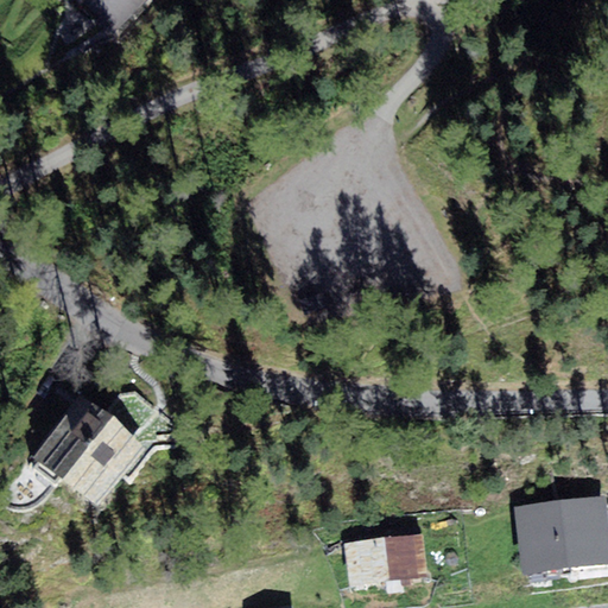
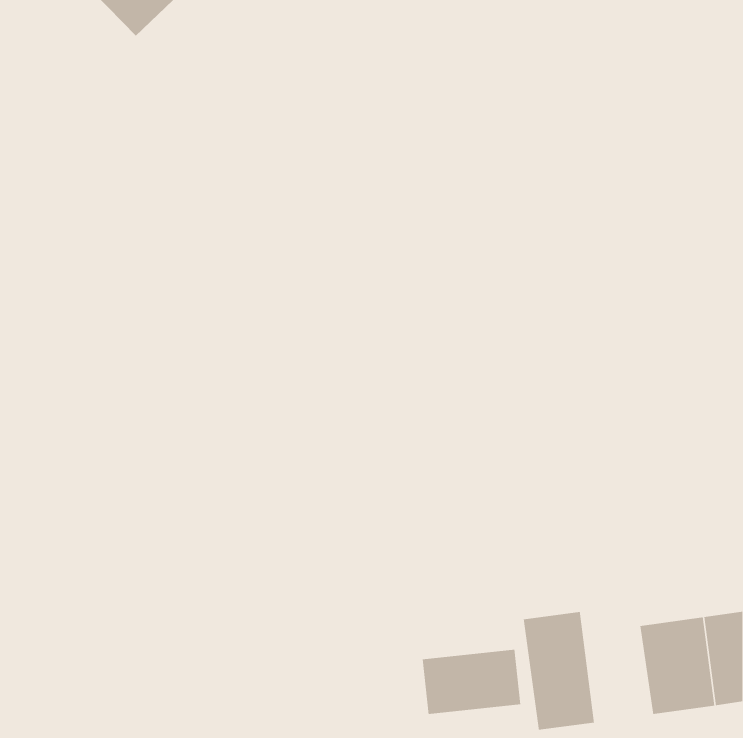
building: [30,390,144,501] -> none
building: none -> [523,611,595,730]

